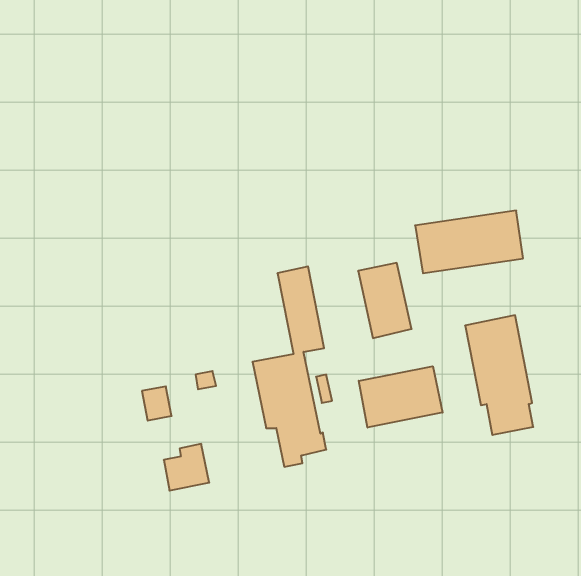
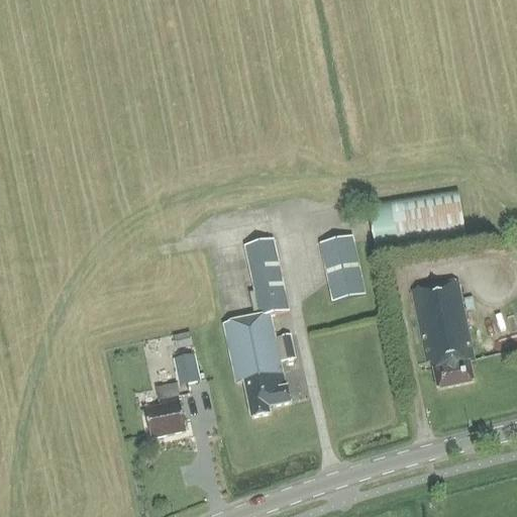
building: [359,366,443,428] -> none
building: [142,386,172,421] -> [174,352,200,383]

